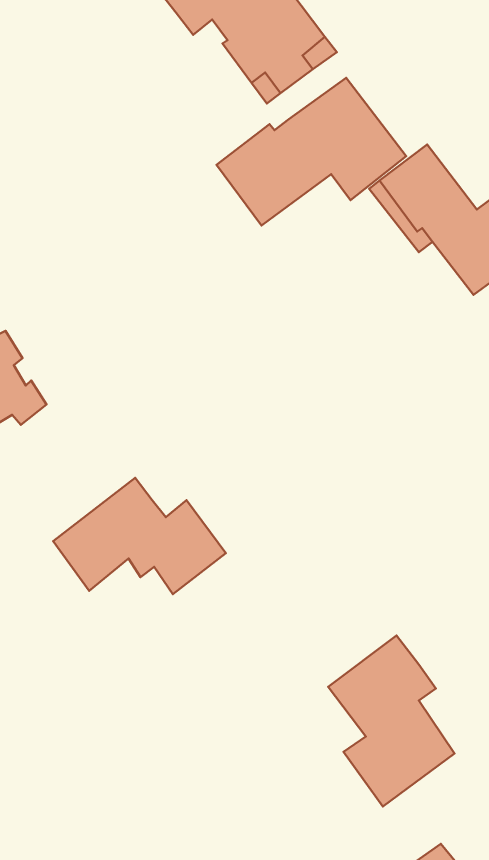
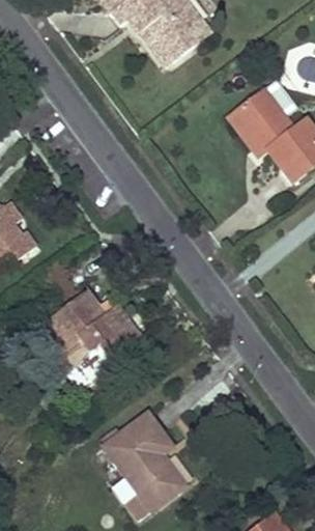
building: [216,78,406,225] -> none
building: [328,636,455,807] -> [107,413,183,516]

